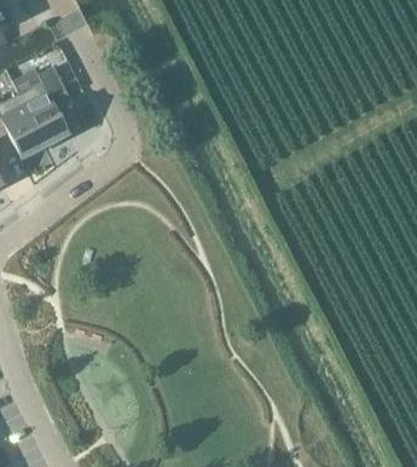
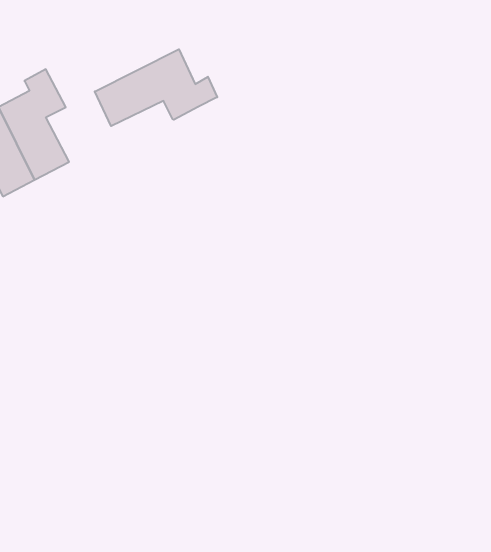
building: none -> [95,49,217,126]

